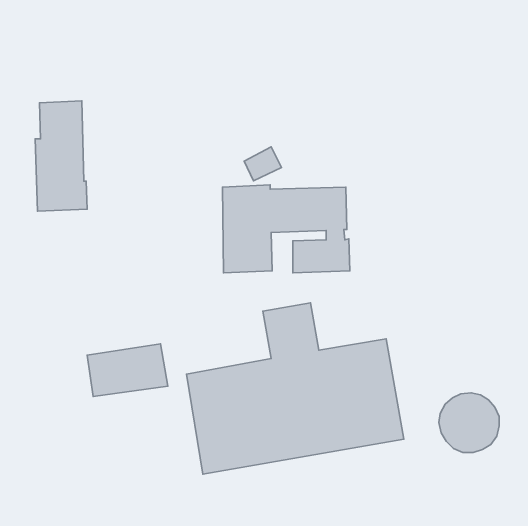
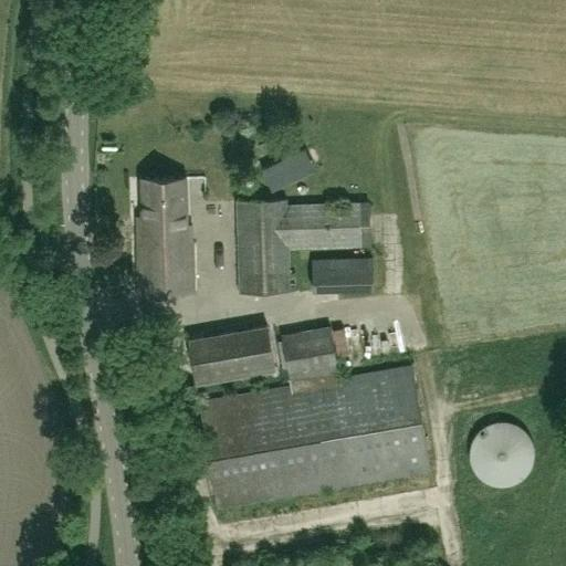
building: [35,101,87,211] -> [138,177,193,295]
building: [87,344,168,396] -> [189,328,275,385]

